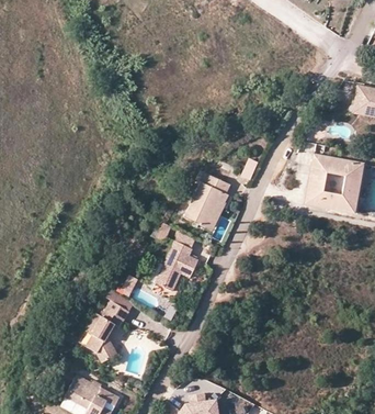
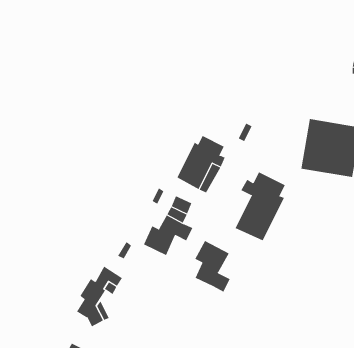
building: none -> [235,172,286,241]
building: none -> [195,240,230,293]

